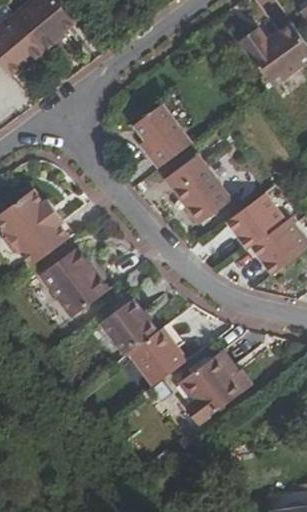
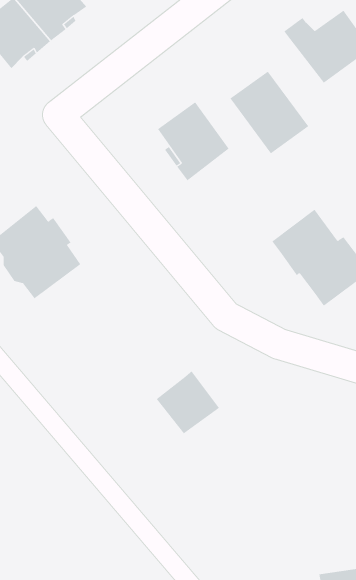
building: [166,154,232,223] -> [230,71,309,154]
building: [41,248,109,316] -> none
building: [100,298,156,354] -> none
building: [177,352,241,419] -> none

